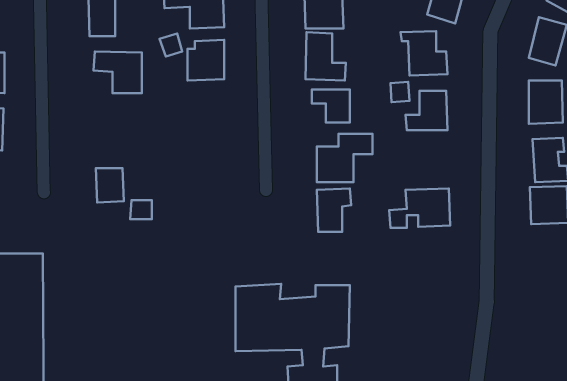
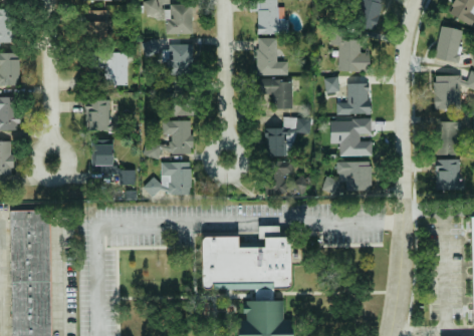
building: none -> [166,92,198,115]
building: none -> [85,99,110,130]
building: none -> [329,119,372,156]
building: none -> [145,120,192,157]
building: none -> [147,161,191,194]

